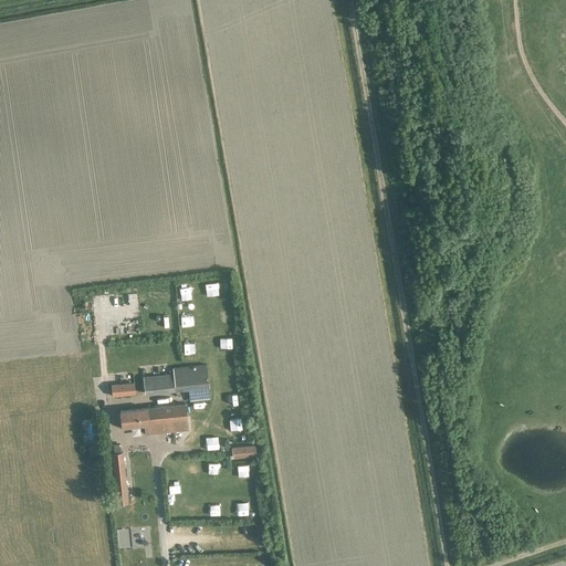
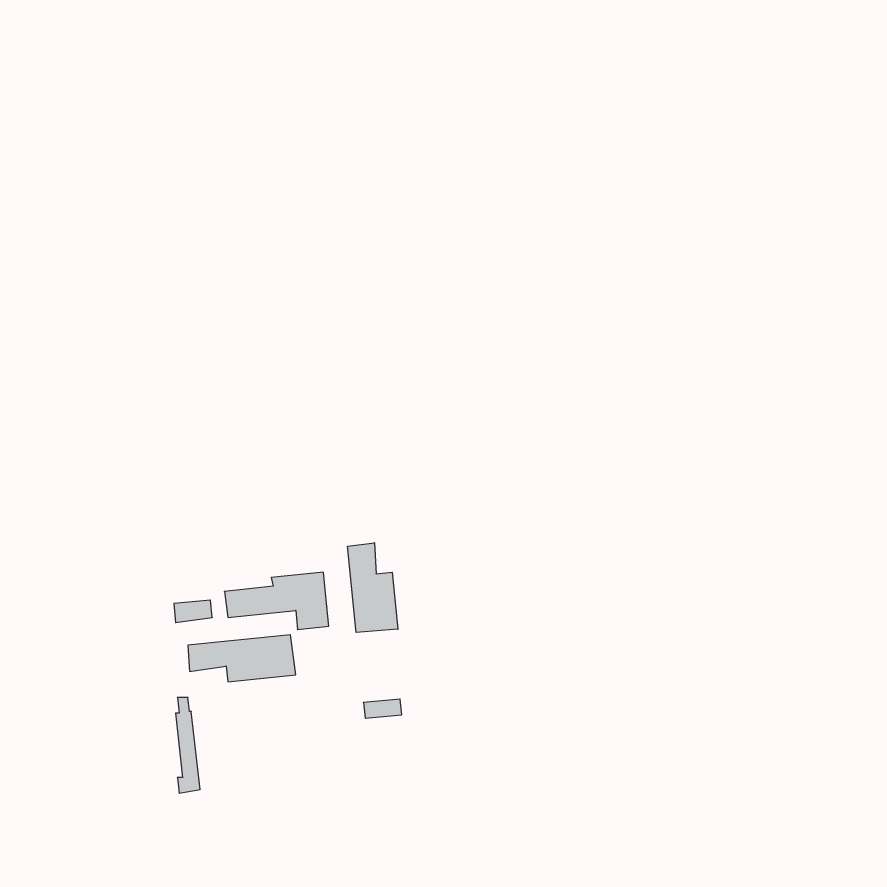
building: none -> [348,543,398,632]

